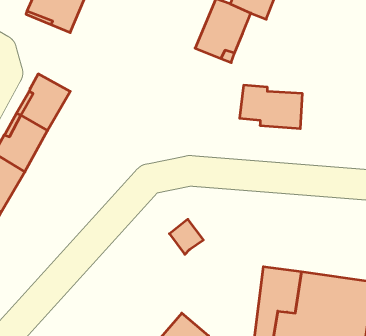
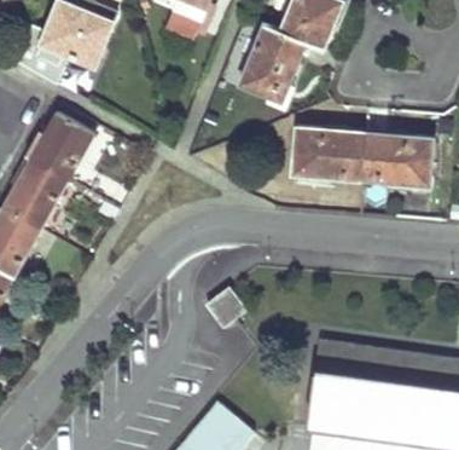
building: none -> [361,138,430,184]

